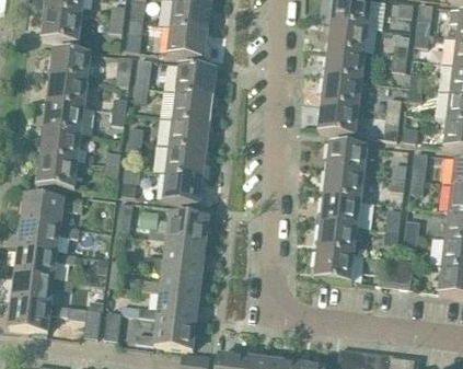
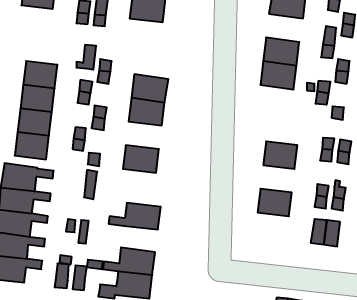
building: [42,10,81,42] -> none
building: [327,20,370,53] -> none
building: [166,25,208,57] -> none
building: [50,47,90,79] -> none
building: [175,62,218,95] -> none
building: [317,102,359,134] -> none
building: [327,140,367,172] -> none
building: [165,145,207,176] -> none
building: [321,195,360,227] -> none
building: [149,211,209,243] -> none
building: [314,250,354,281] -> none
building: [142,265,202,296] -> none

